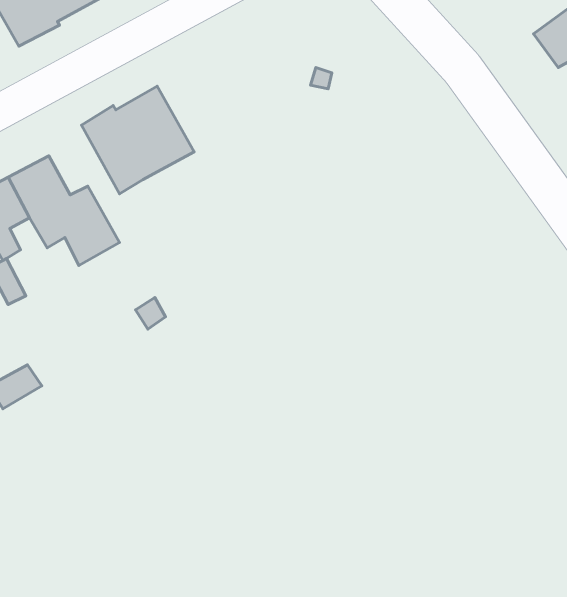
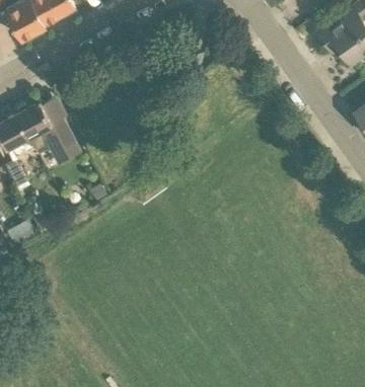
building: [81,86,194,194] -> none

